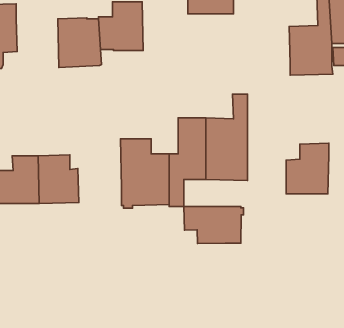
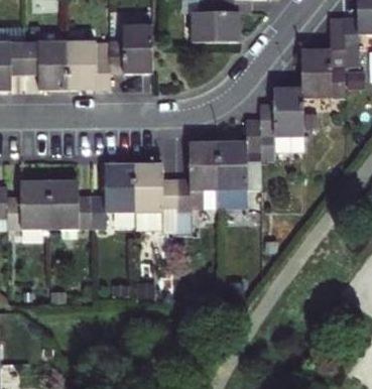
building: none -> [23,41,67,91]
building: none -> [86,163,130,228]
building: [286,143,329,194] -> [258,87,301,138]
building: [184,206,244,244] -> none

